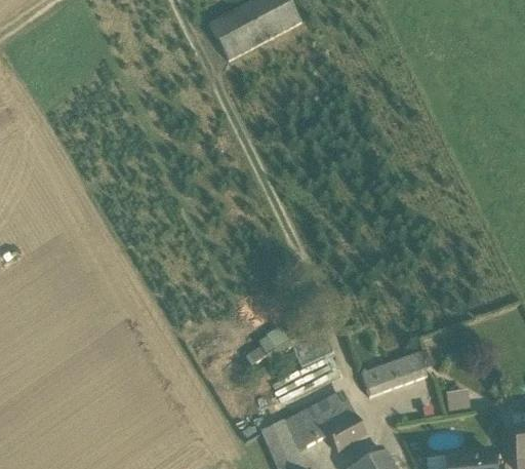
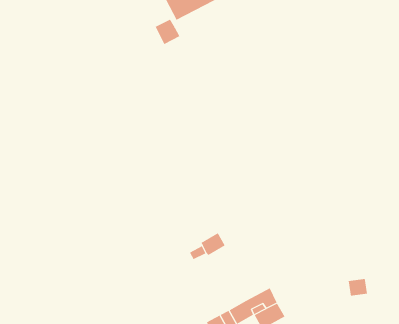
building: none -> [155,19,180,45]
building: [362,351,427,394] -> none

